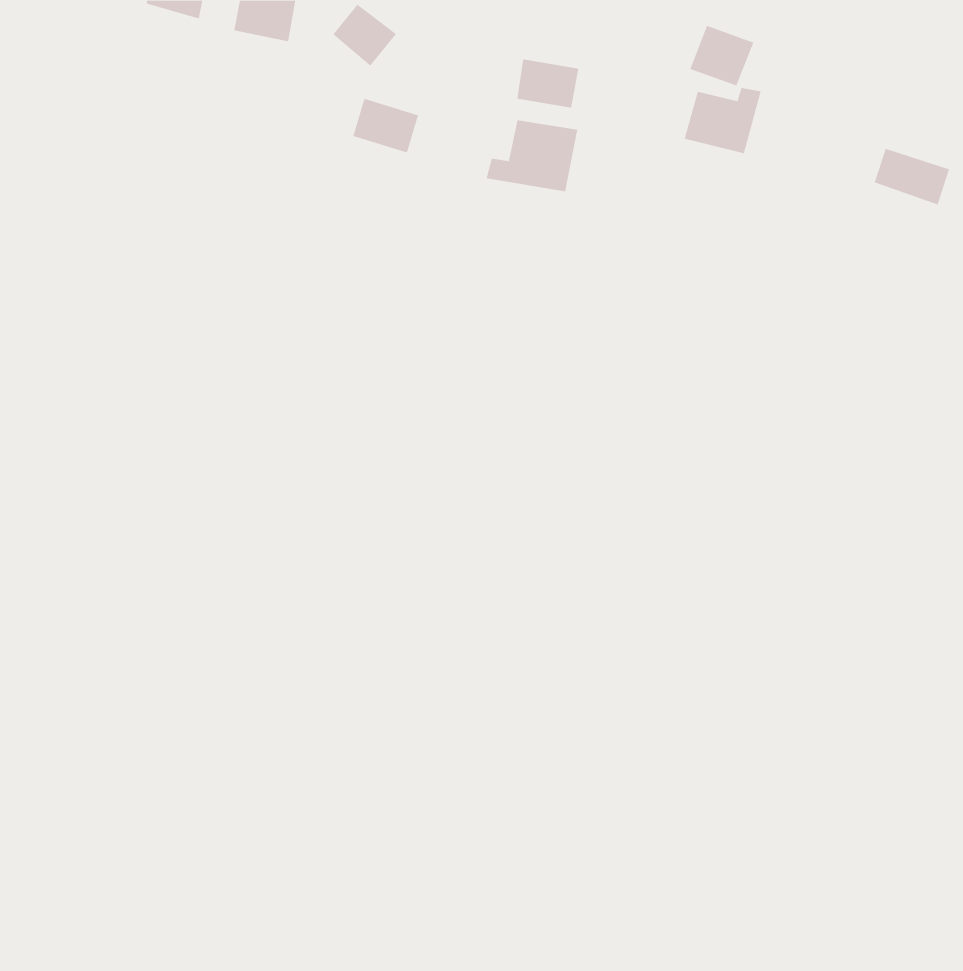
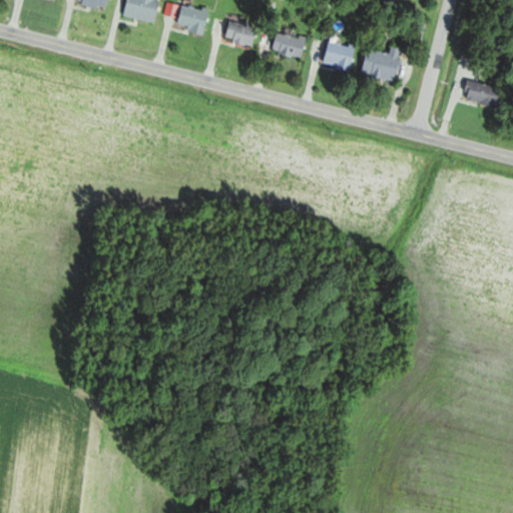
building: [689,25,754,86] -> [322,39,356,71]
building: [352,98,419,153] -> [222,18,258,47]
building: [486,120,578,192] -> none

